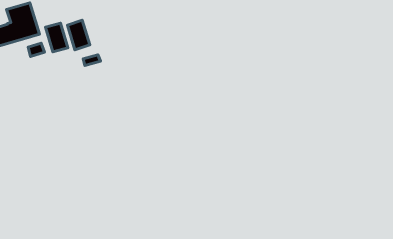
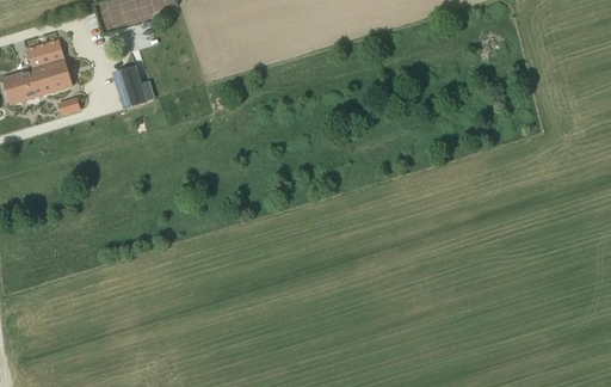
building: [45,23,68,52] -> none

